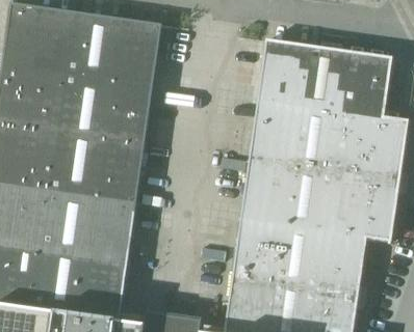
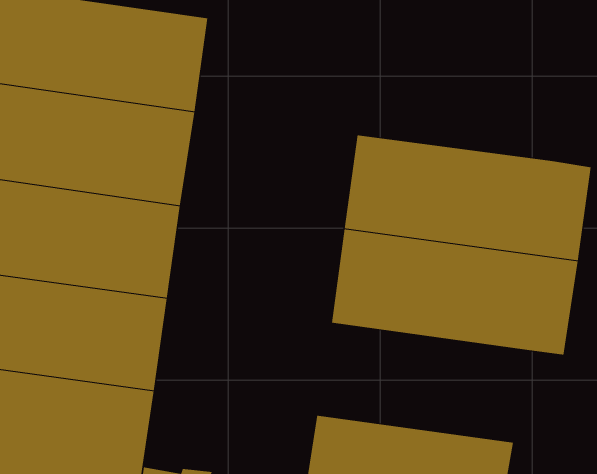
building: [257,39,392,116] -> none
building: [231,220,366,297] -> none

